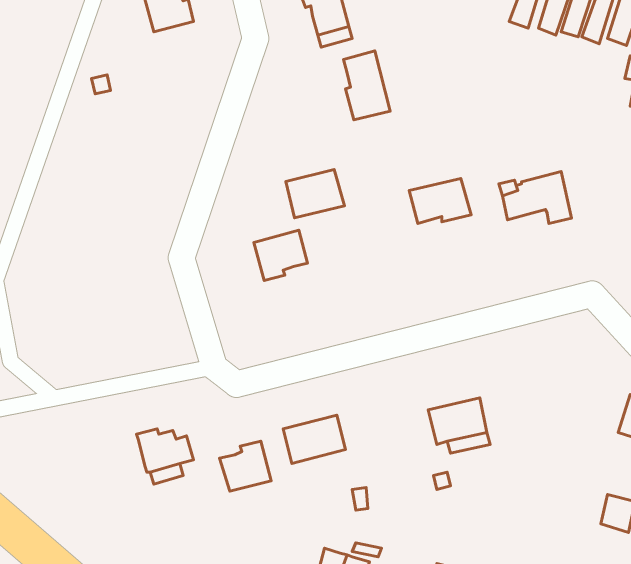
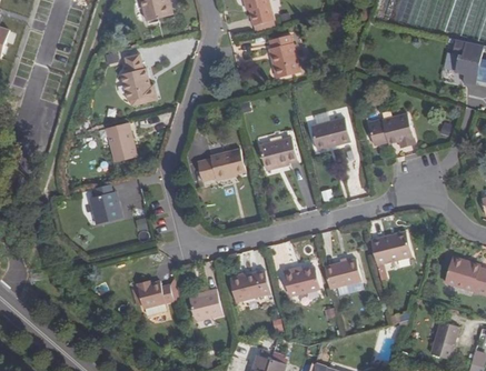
building: none -> [121,54,156,101]
building: [286,169,344,218] -> [259,137,297,168]
building: none -> [106,121,137,162]
building: none -> [90,183,122,223]
building: none -> [369,232,409,264]
building: none -> [282,267,318,295]

